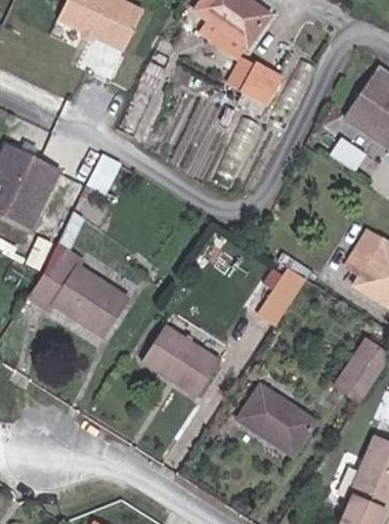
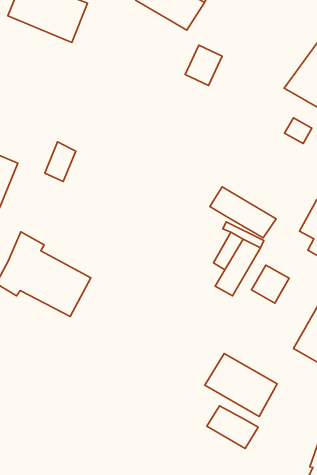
building: none -> [210,187,276,238]
building: none -> [252,265,289,303]
building: [141,324,220,396] -> none
building: none -> [207,406,258,448]

